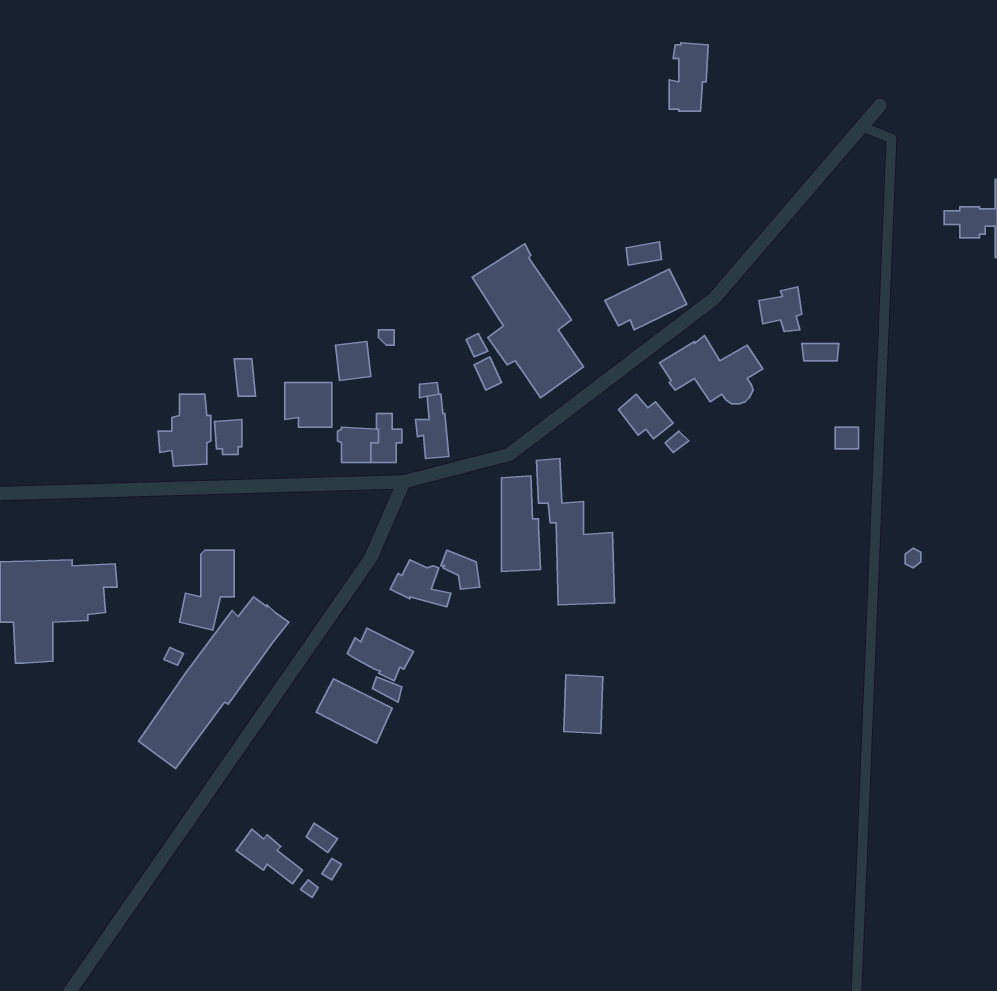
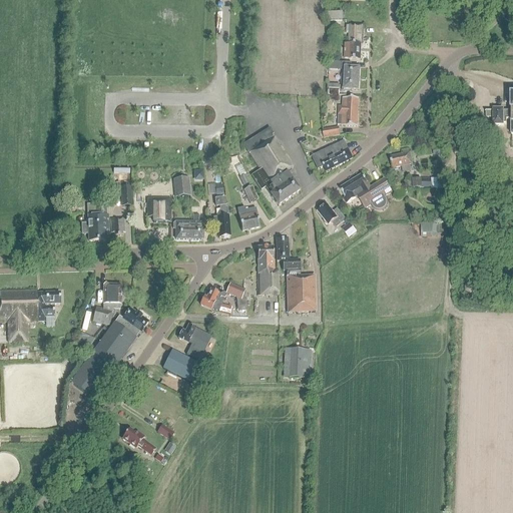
building: none -> [341,60,360,89]
building: none -> [338,95,358,124]
building: none -> [236,204,260,228]

